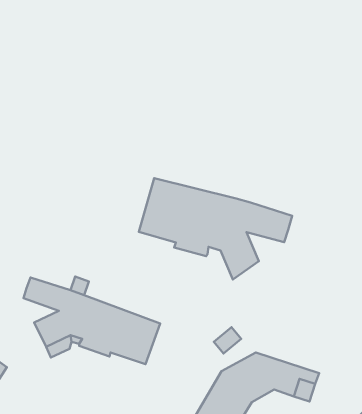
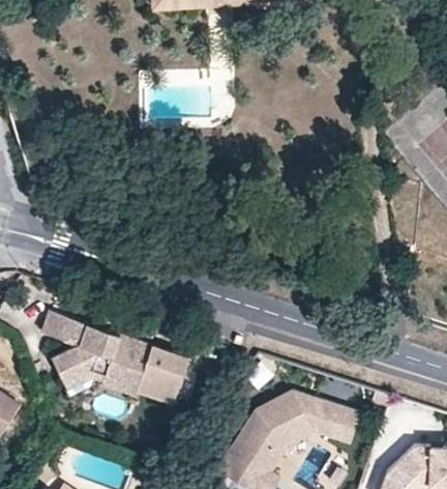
building: [139,178,292,279] -> none

